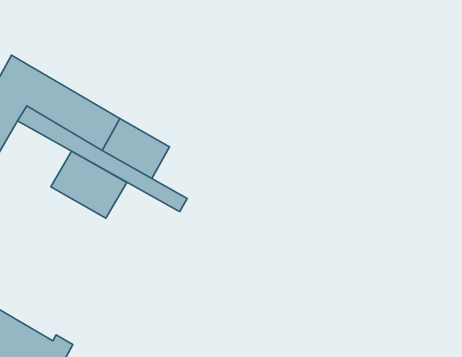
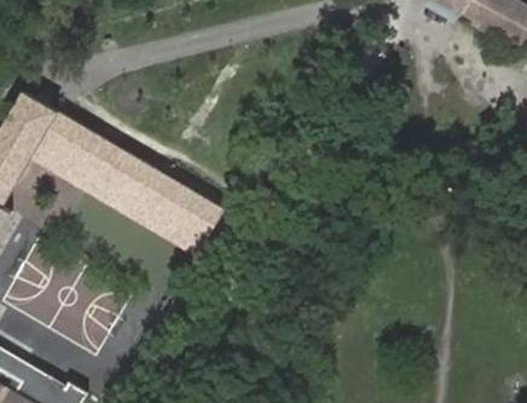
building: none -> [164,184,219,237]
building: [51,151,127,218] -> none

